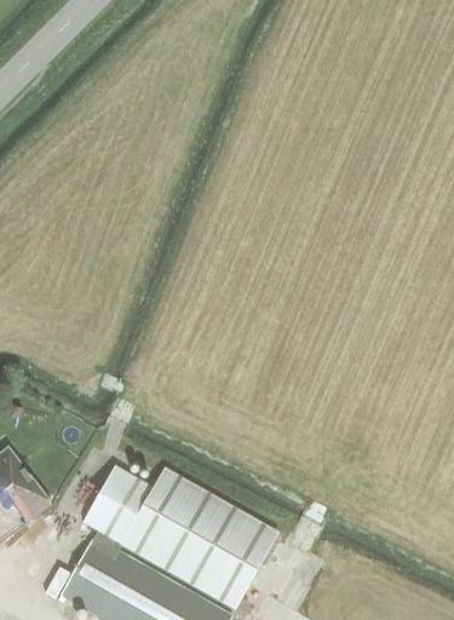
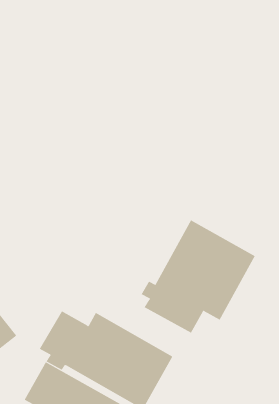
building: none -> [141,220,255,333]

